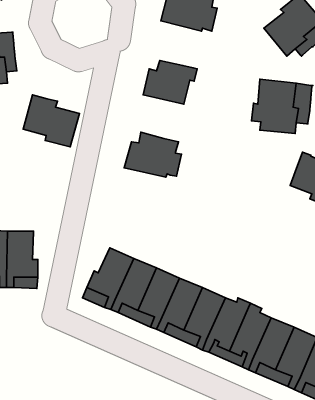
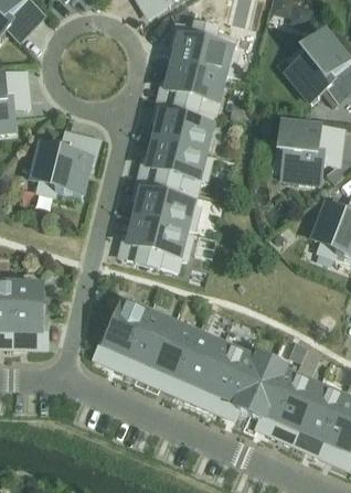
building: none -> [169,62,219,112]
building: none -> [55,131,94,160]
building: none -> [150,140,209,190]
building: none -> [130,217,190,268]

